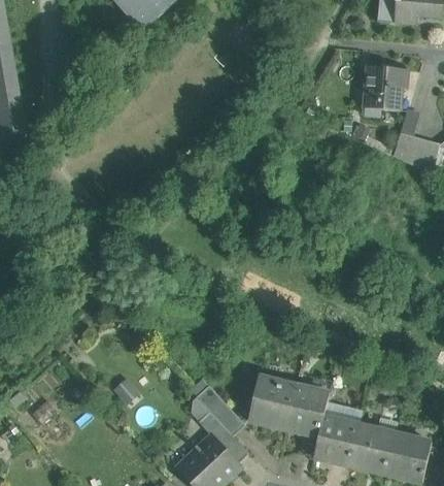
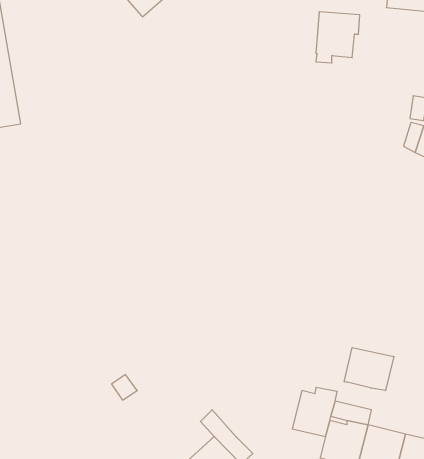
building: [364,66,406,116] -> [316,12,360,63]
building: none -> [344,348,394,391]
building: [250,379,296,428] -> none
building: [196,385,245,435] -> none

